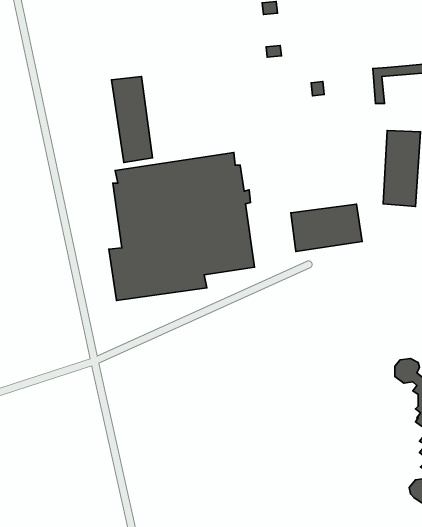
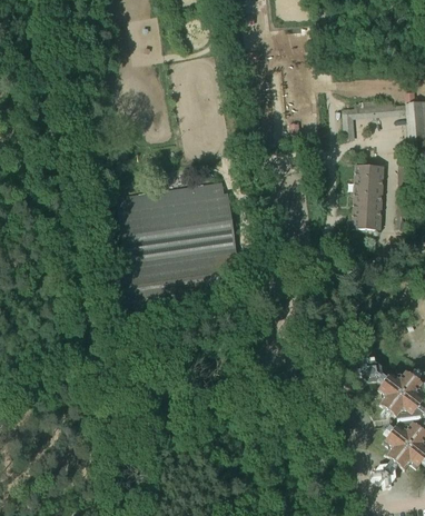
building: [111,76,153,163] -> none
building: [291,204,362,251] -> none

